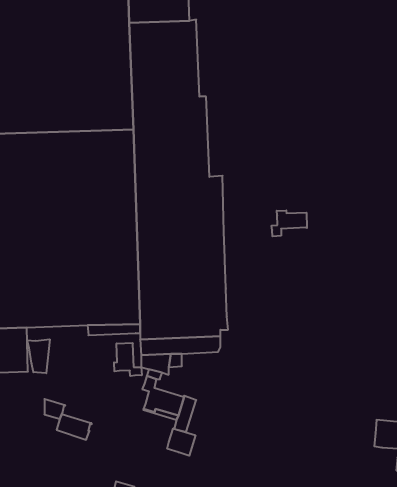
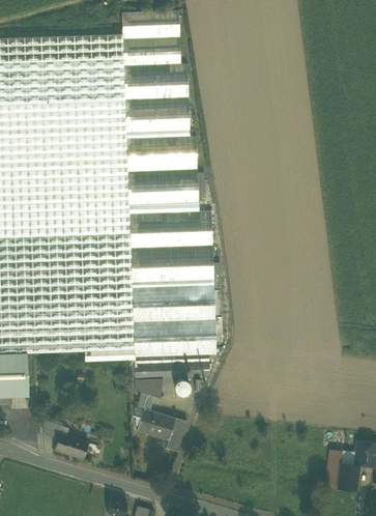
building: [272,210,307,236] -> none
building: [27,339,50,373] -> none
building: [114,343,142,376] -> none
building: [167,428,195,456] -> none
building: none -> [325,450,361,491]

